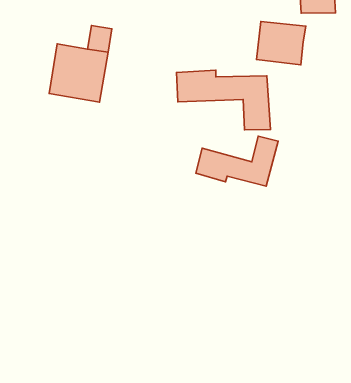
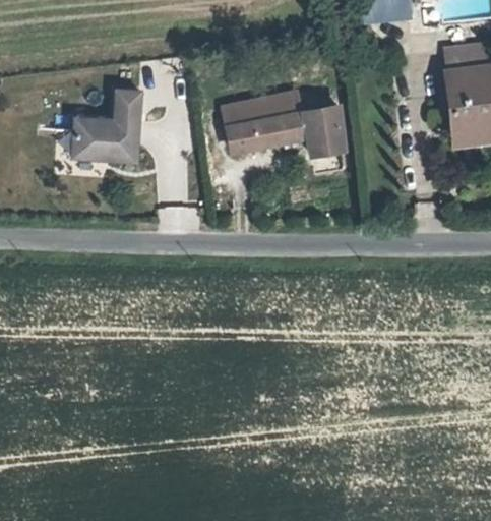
building: [257,21,306,65] -> none
building: [196,136,278,186] -> none

